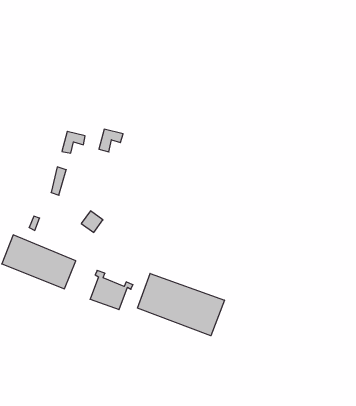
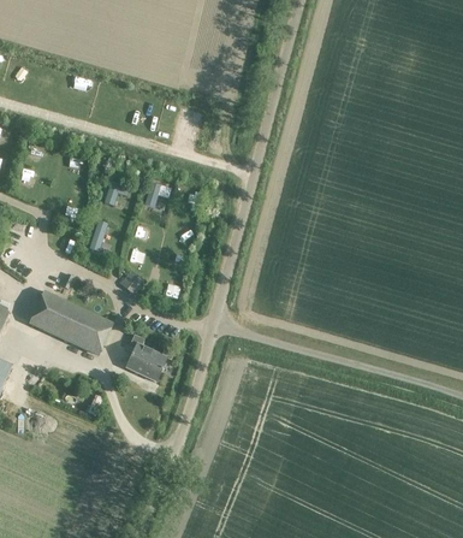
building: [137,273,224,336] -> none

